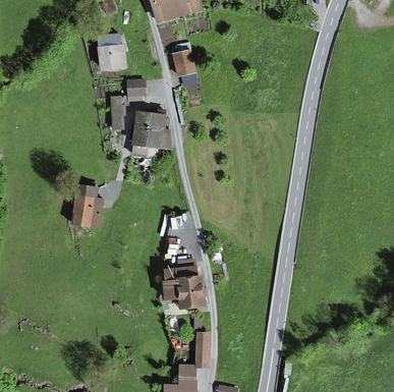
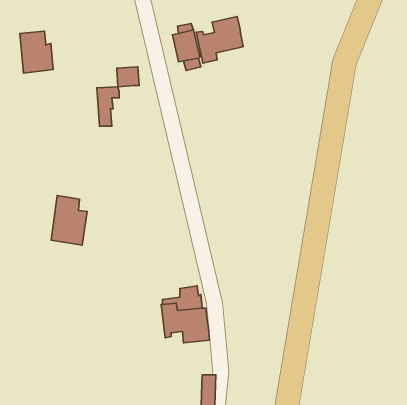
building: [99,34,126,68] -> [20,31,53,73]
building: none -> [196,16,243,63]
building: [132,110,170,158] -> none

